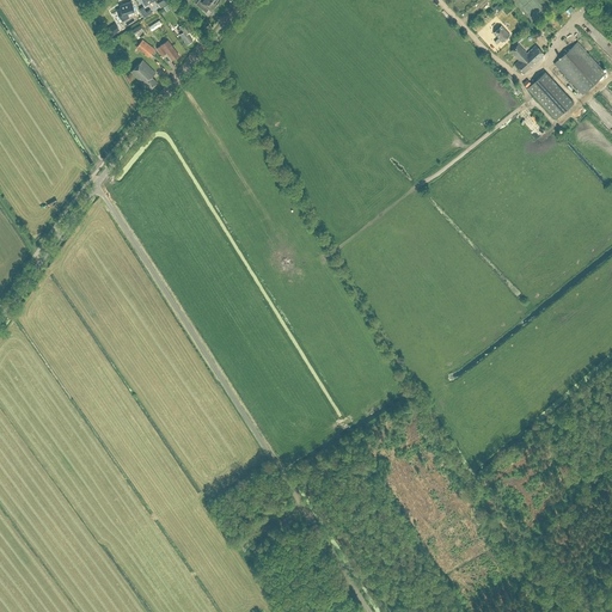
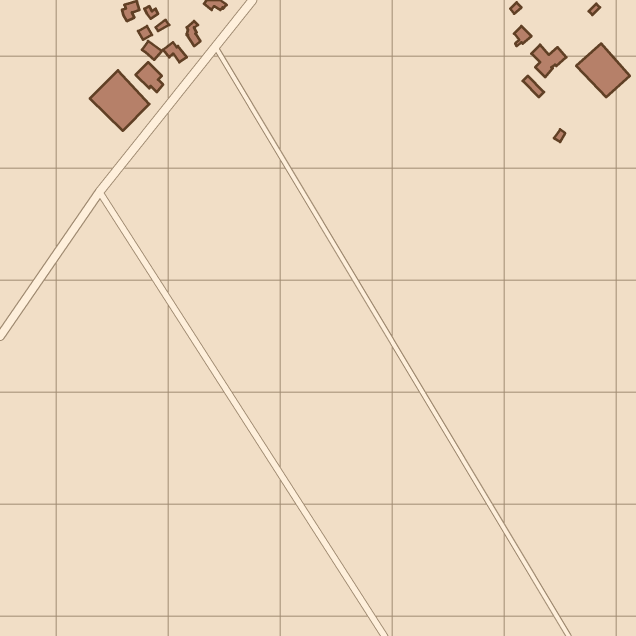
building: none -> [90,70,149,131]
building: [527,71,574,118] -> none

